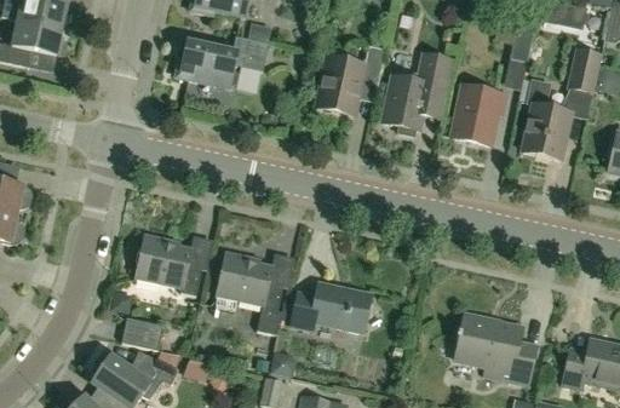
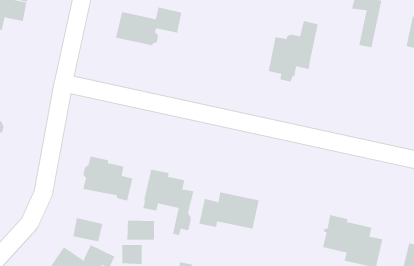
building: [317,42,386,114] -> none
building: [523,77,570,159] -> none
building: [453,82,507,143] -> none
building: none -> [127,220,155,241]

